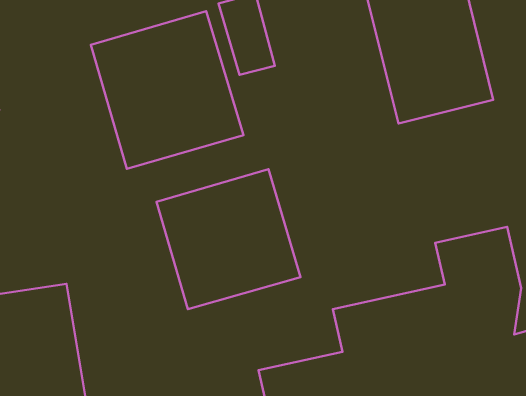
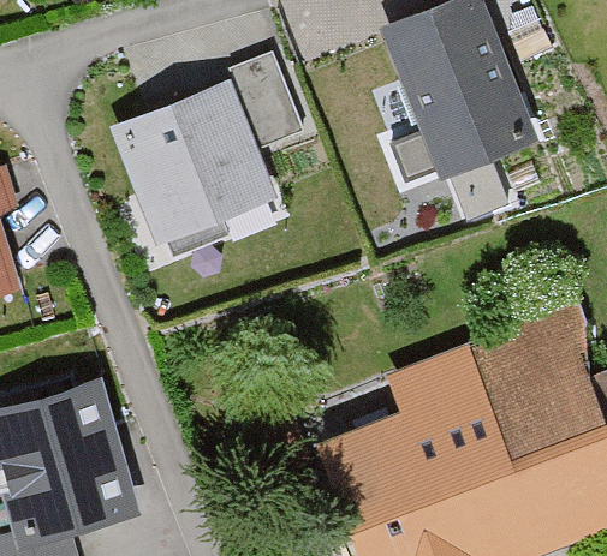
building: [157,169,301,309] -> none

